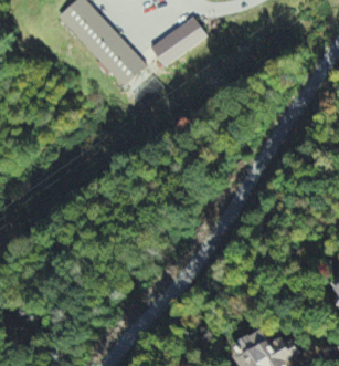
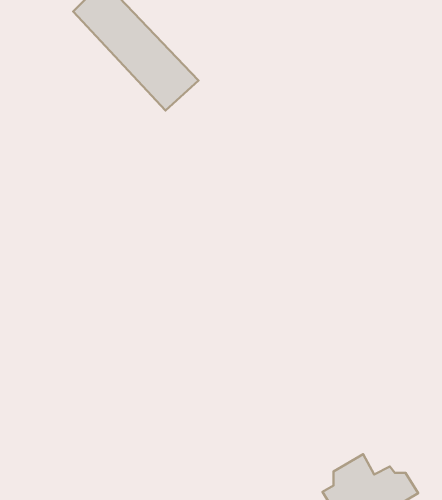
building: [151,19,208,64] -> none

